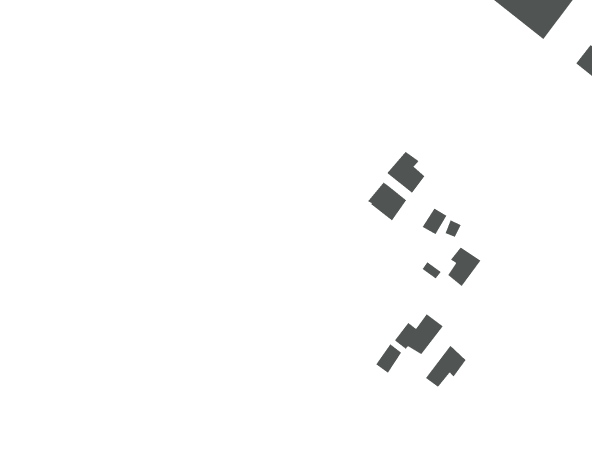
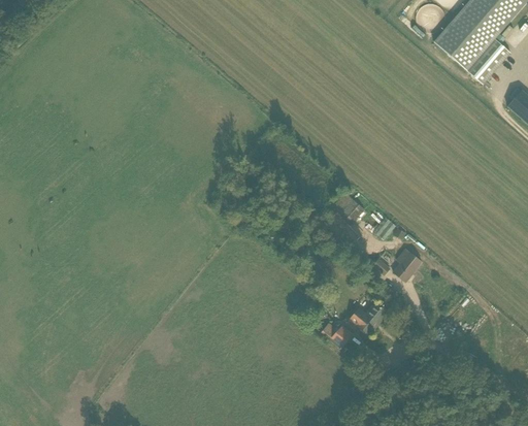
building: [386,151,425,194] -> none
building: [425,345,467,388] -> none

